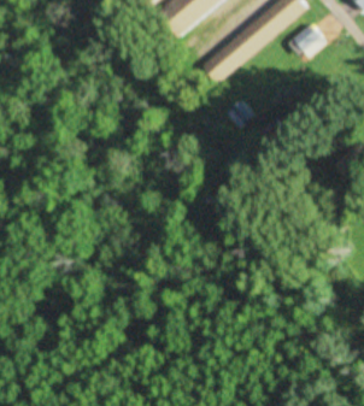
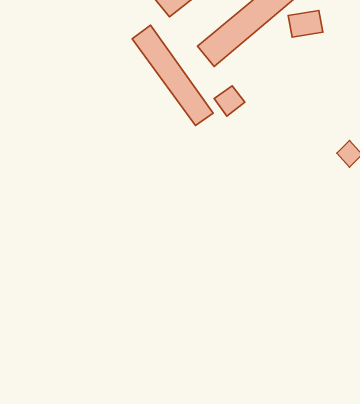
building: none -> [132,25,213,126]

